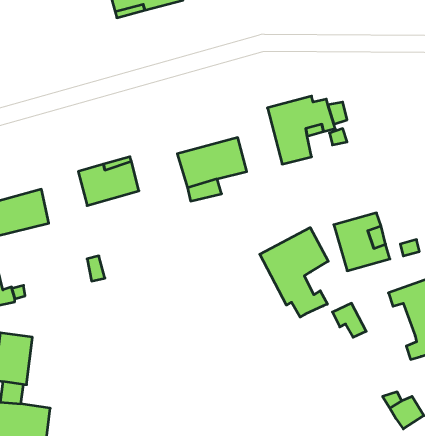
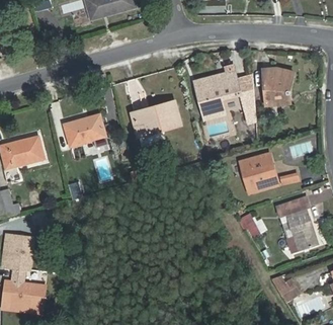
building: none -> [263,68,292,102]
building: [260,228,328,317] -> none

